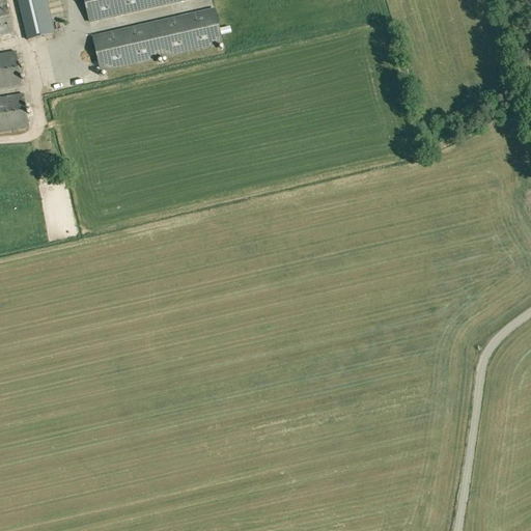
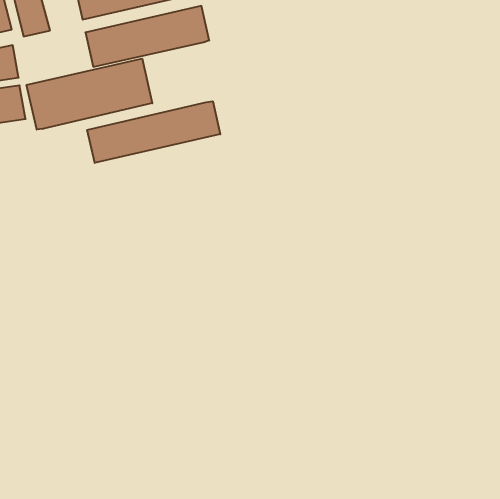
building: none -> [27,59,152,130]
building: none -> [87,101,220,163]

